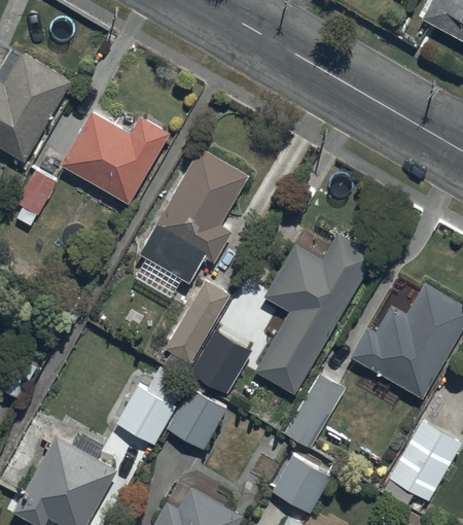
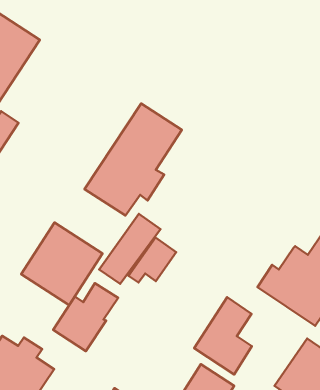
building: [61,111,170,205] -> none
building: [254,235,375,396] -> none
building: none -> [21,223,102,305]
building: [165,388,227,452] -> none

